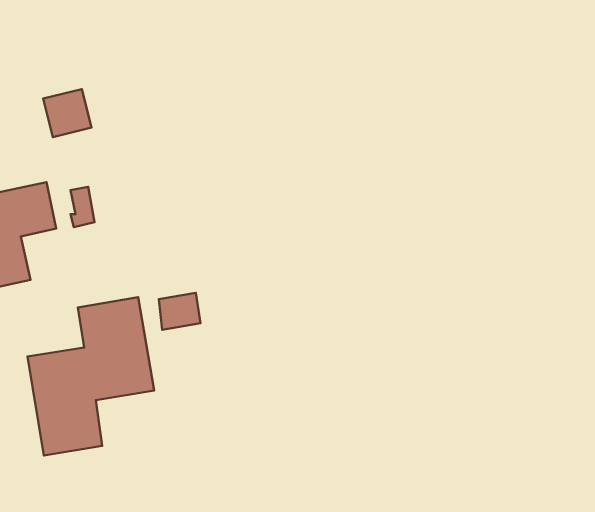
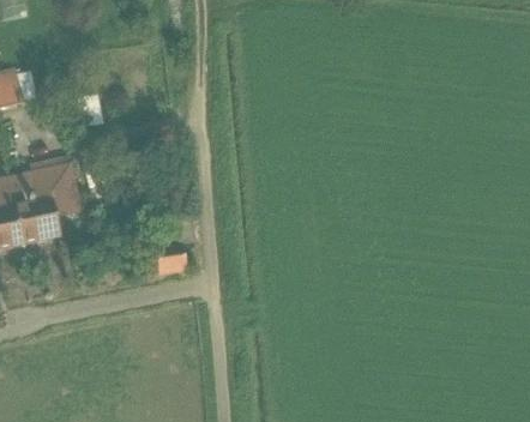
building: [28,297,154,455] -> none

